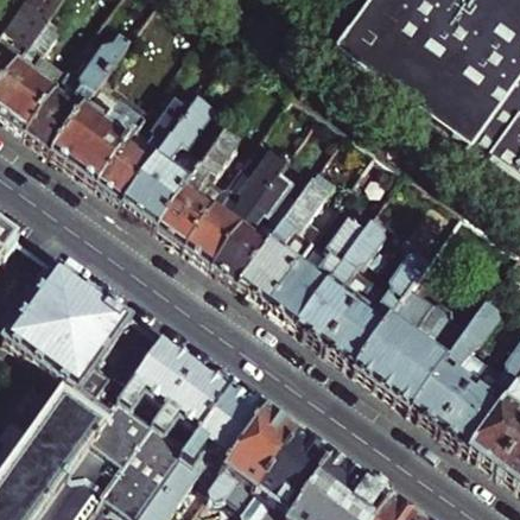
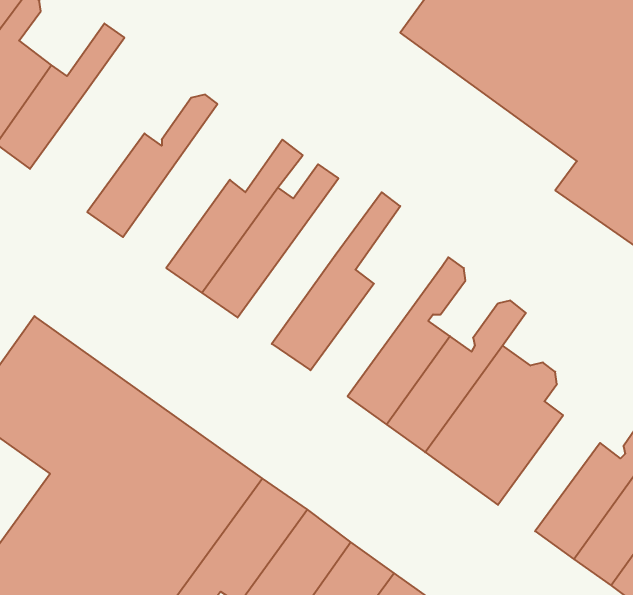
building: [52,91,140,184] -> none
building: [123,96,216,227] -> none
building: [211,158,304,285] -> none
building: [267,214,368,325] -> none
building: [411,303,501,429] -> none

